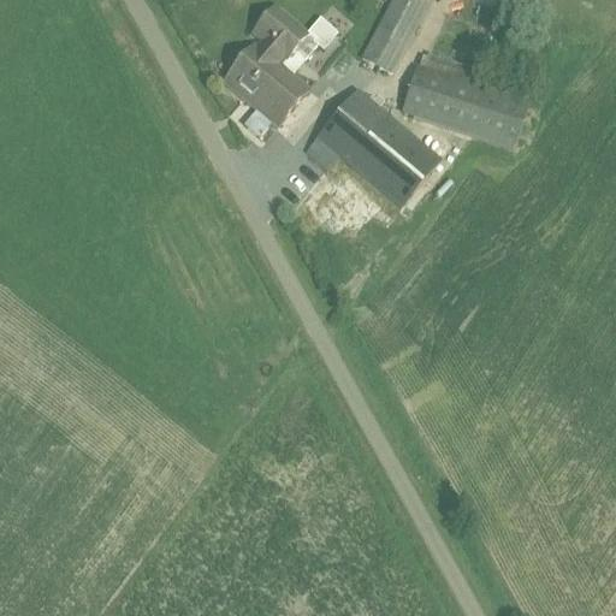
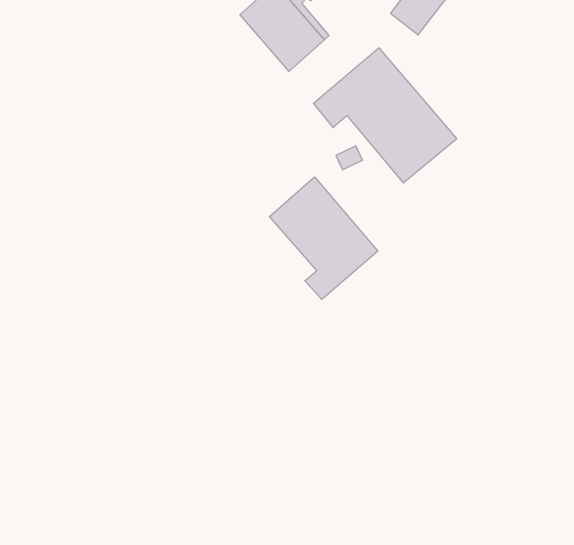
building: [402,52,531,146] -> none
building: none -> [269,177,378,299]

